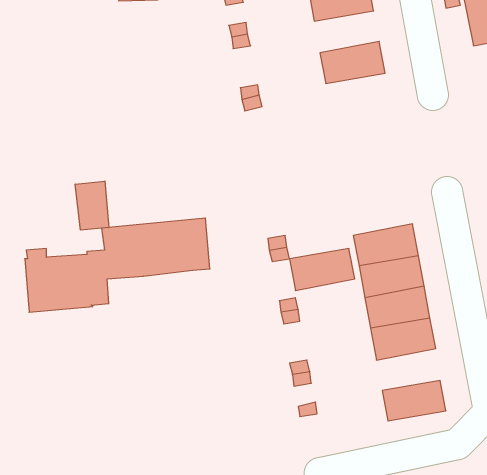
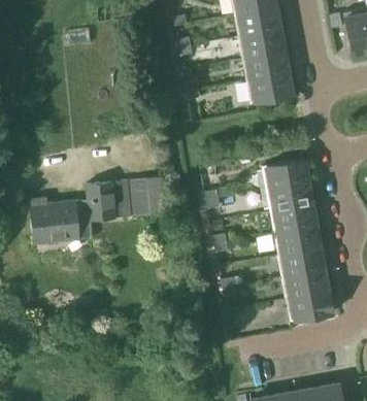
building: none -> [238,30,285,60]
building: none -> [246,74,293,104]
building: [75,181,109,230] -> none
building: [290,249,355,291] -> [262,160,308,190]
building: none -> [282,270,328,300]

